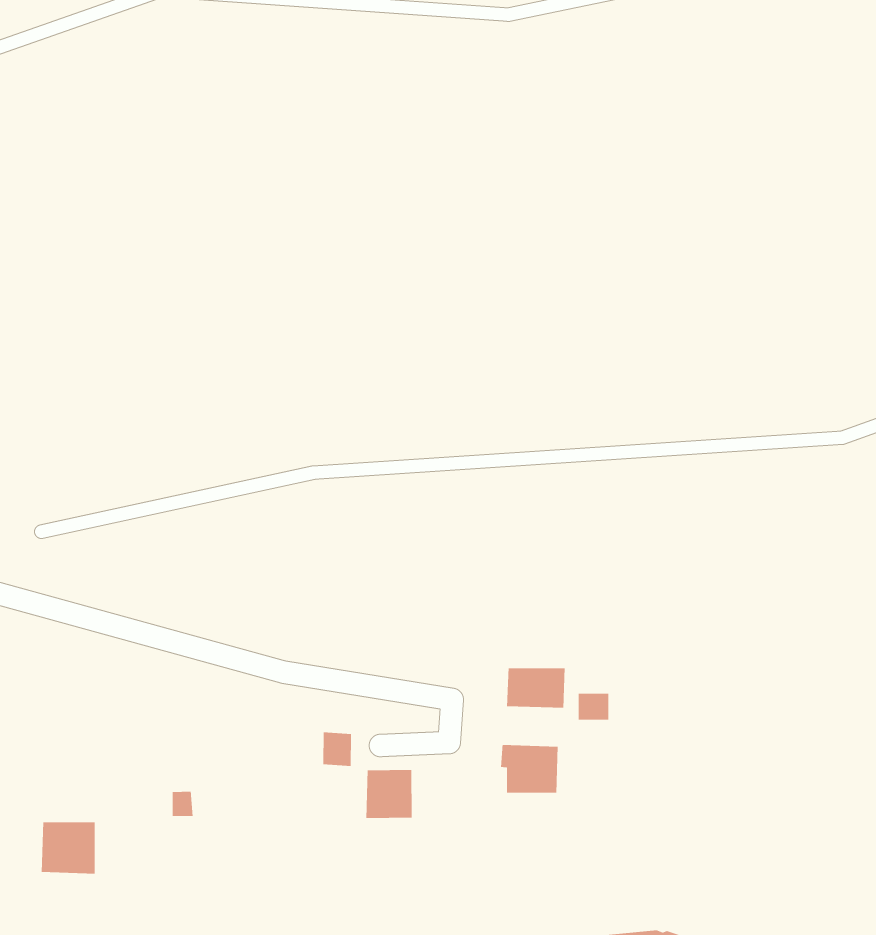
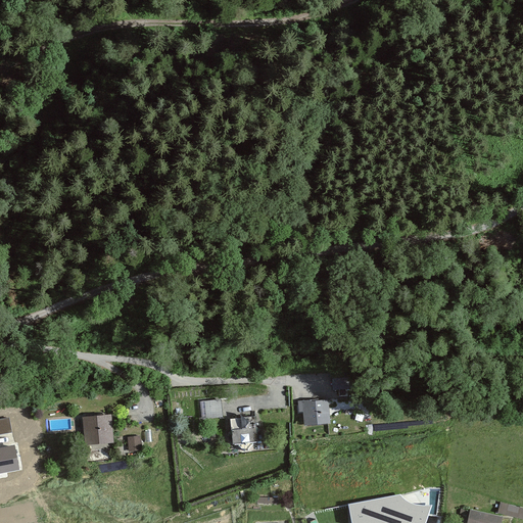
building: [506,668,566,708] -> none
building: [41,822,96,874] -> [82,417,111,445]

